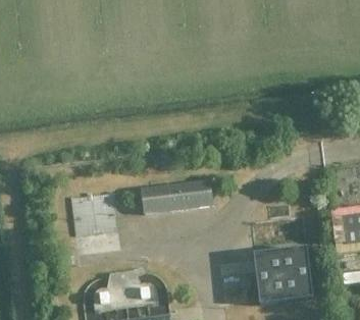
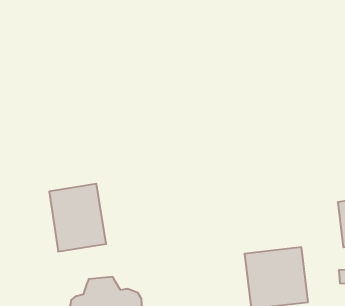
building: [140,180,212,213] -> none

